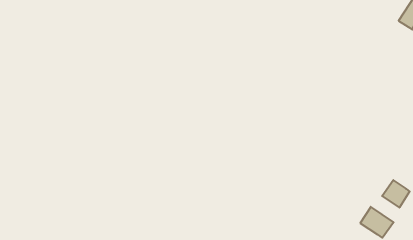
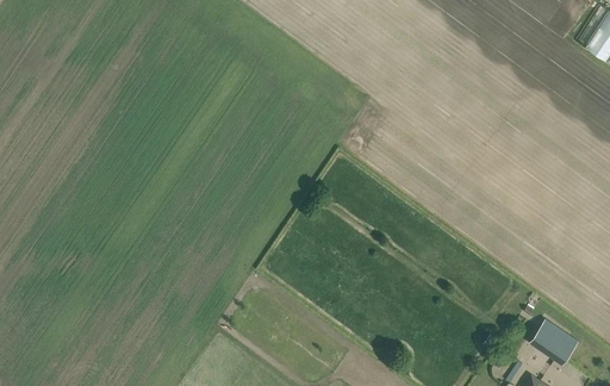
building: [382,180,410,208] -> none

